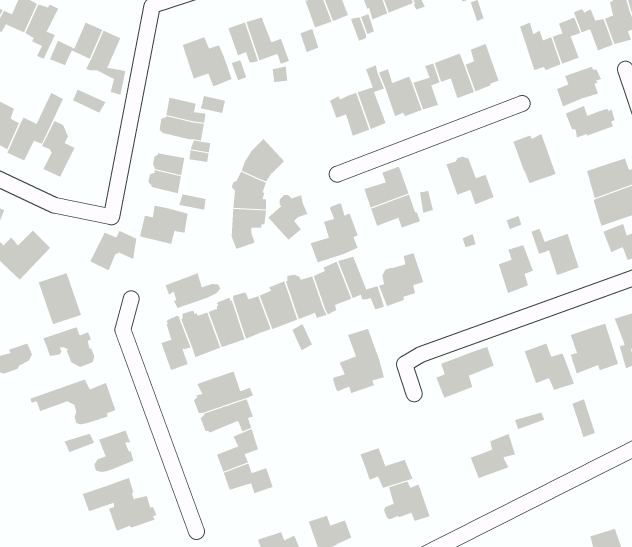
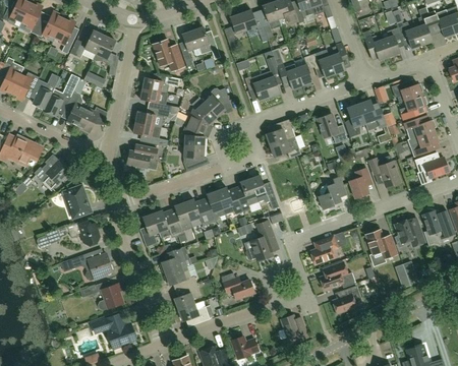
building: [556,66,602,107] -> [399,95,427,120]
building: none -> [345,104,365,137]
building: [267,195,308,241] -> [204,87,229,116]
building: [310,203,359,263] -> none
building: [90,230,137,271] -> [77,107,107,132]
building: [378,253,424,307] -> [318,176,346,209]
building: [165,272,221,309] -> none
building: none -> [320,261,355,290]
building: [359,448,413,489] -> [221,272,254,298]

